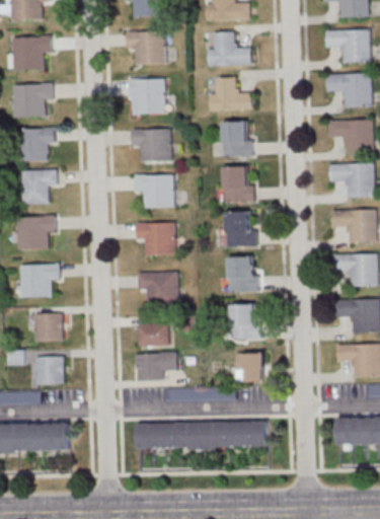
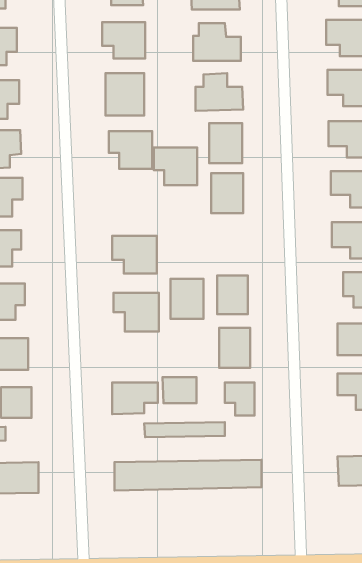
building: [136,174,174,208] -> [154,147,197,185]
building: [226,212,255,247] -> [170,279,203,319]
building: [137,323,167,347] -> [163,377,197,403]

